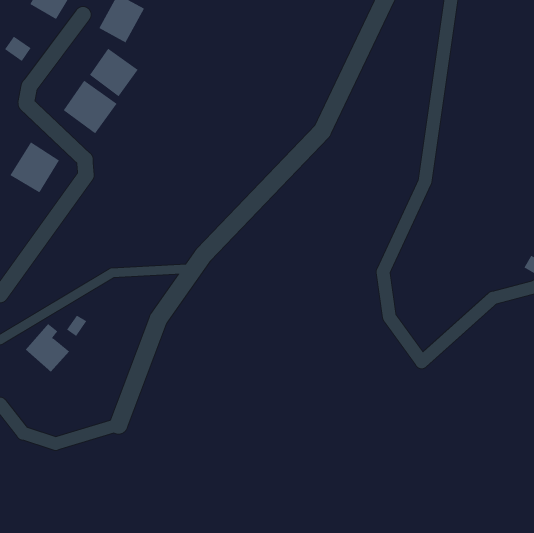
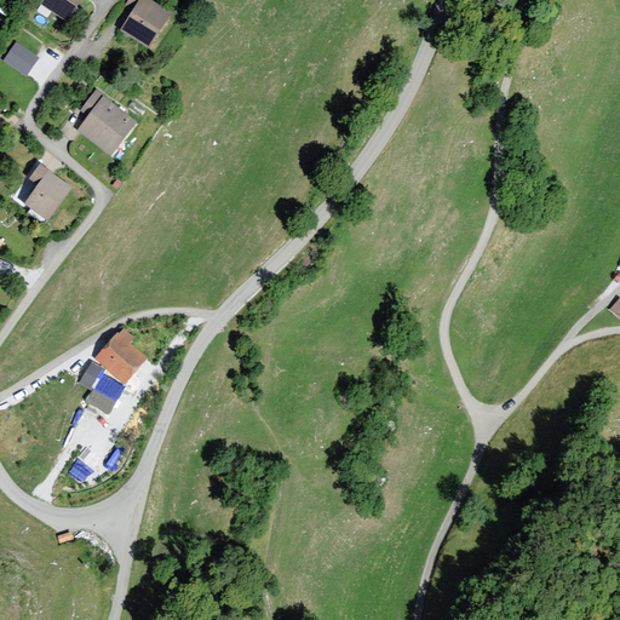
building: [89,48,138,97] -> none
building: [25,323,70,373] -> [94,327,147,384]

